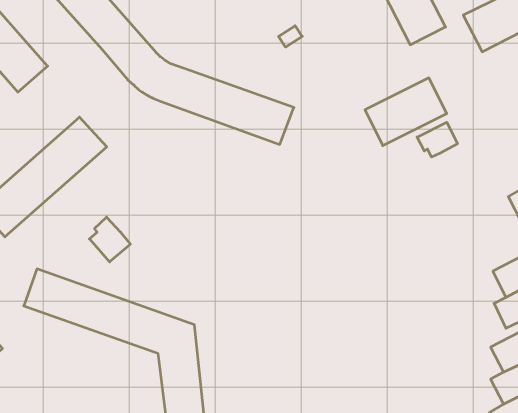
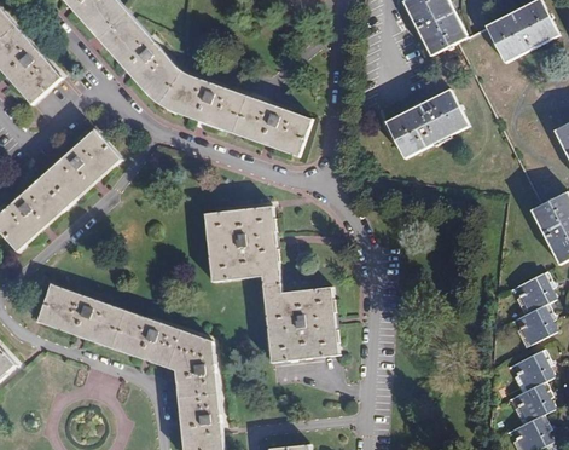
building: [417,122,457,157] -> none
building: none -> [204,207,338,363]
building: [89,217,130,262] -> none

